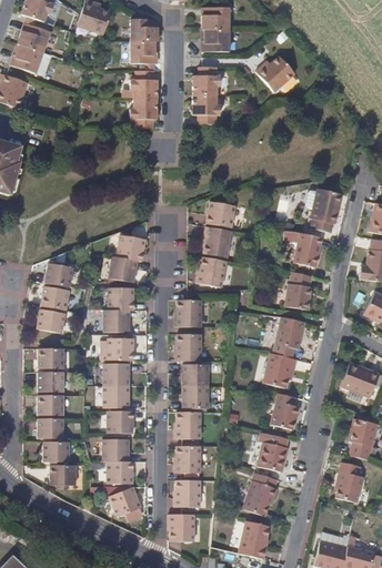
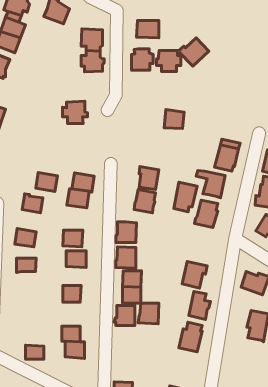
building: [202,9,231,30] -> none
building: [128,18,155,42] -> none
building: [191,97,223,124] -> [157,51,181,71]
building: [125,98,159,128] -> [62,101,87,124]
building: [208,196,234,222] -> [164,110,184,129]
building: [42,285,71,311] -> [36,172,57,192]
building: [109,287,134,311] -> none
building: [273,315,304,355] -> [174,182,197,212]
building: [102,363,127,385] -> none
building: [40,372,66,389] -> none
building: [39,394,64,414] -> none
building: [105,409,133,433] -> none
building: [39,418,63,436] -> none
building: [43,442,70,460] -> none
building: [171,446,199,474] -> [138,303,159,324]
building: [335,462,363,503] -> none
building: [247,474,281,516] -> none
building: [171,479,199,507] -> none
building: [107,486,139,516] -> none

